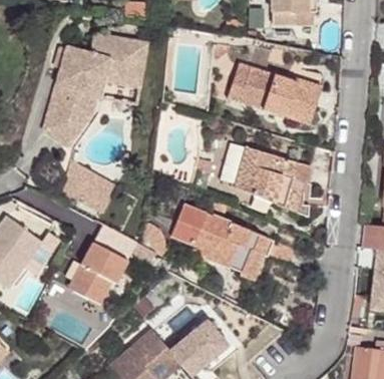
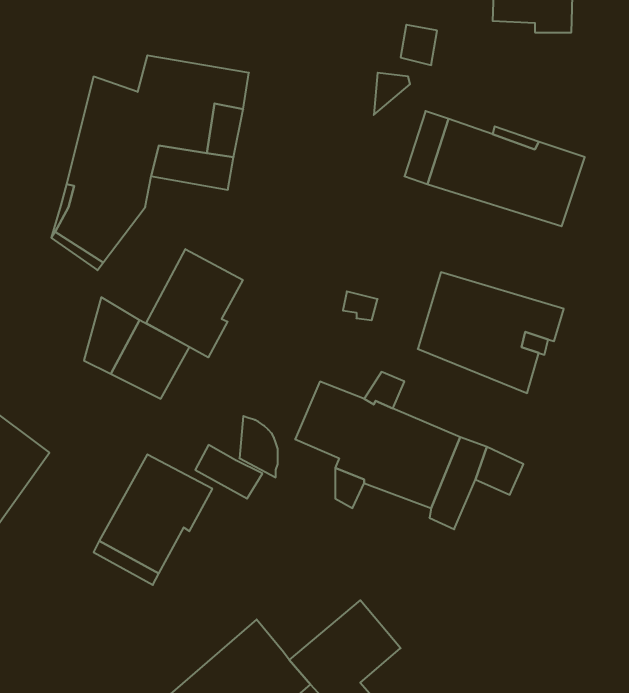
building: none -> [146,249,243,357]

